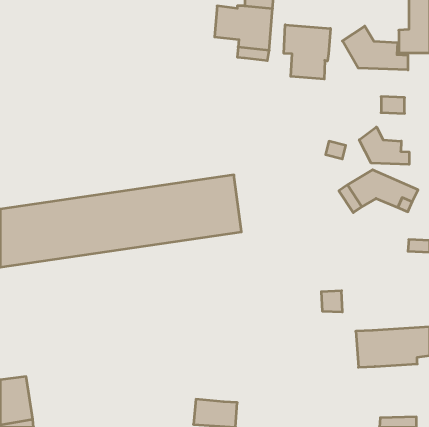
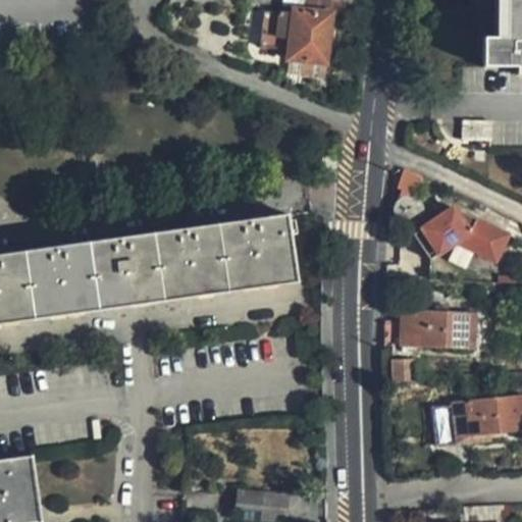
building: [284,25,330,79] -> none
building: [342,26,408,70] -> none
building: [359,127,409,164] -> none
building: none -> [383,309,475,351]

